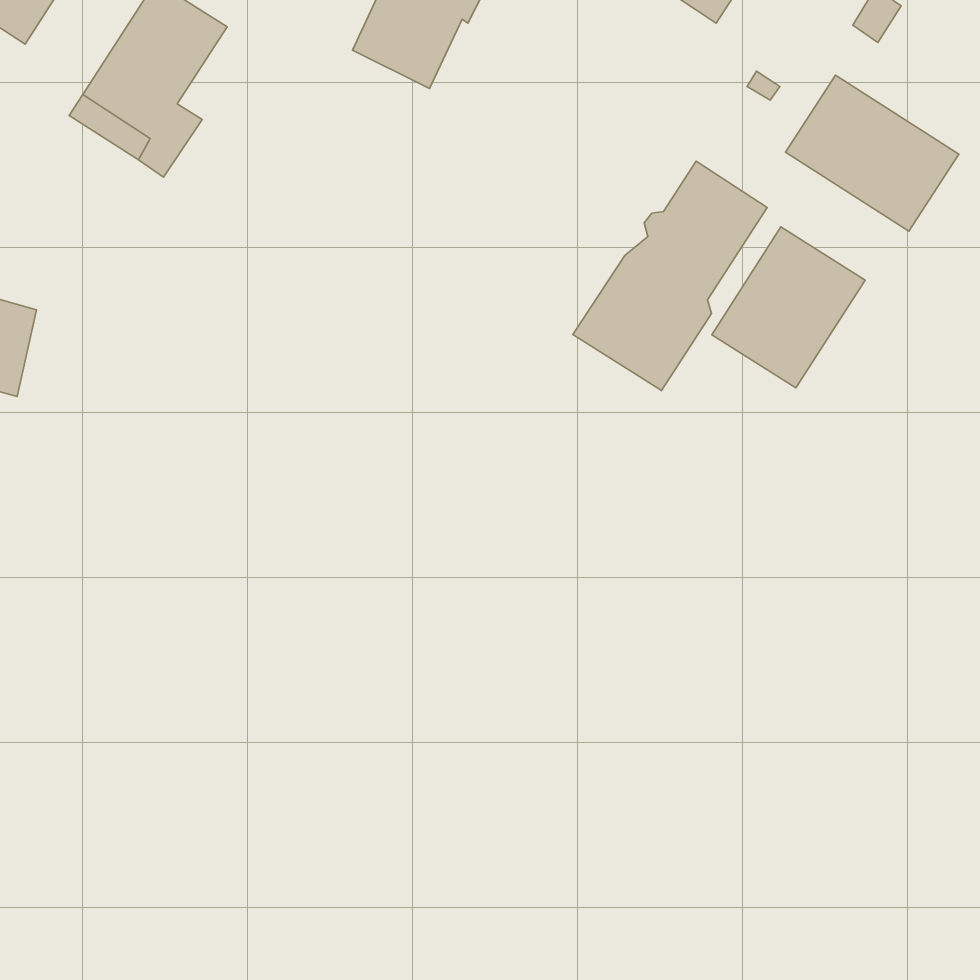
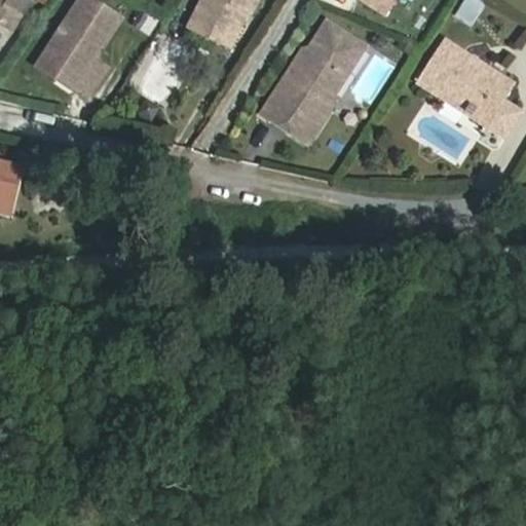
building: [573,161,767,390] -> [261,20,365,142]
building: [712,227,865,388] -> none

